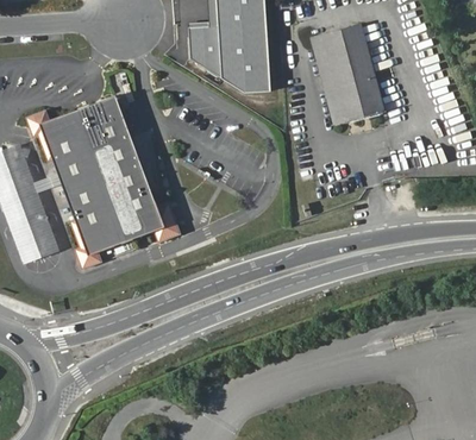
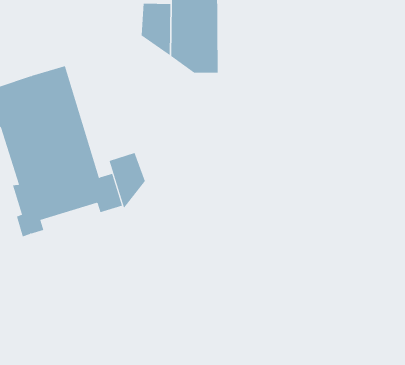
building: [311,24,383,125] -> none
building: none -> [109,152,145,209]

